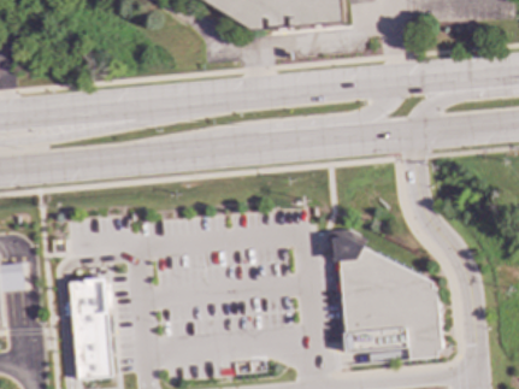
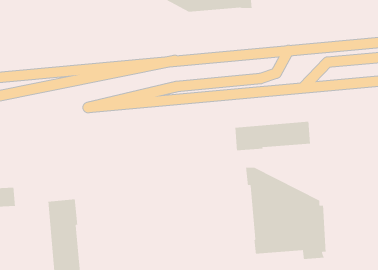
building: none -> [235,121,311,151]

